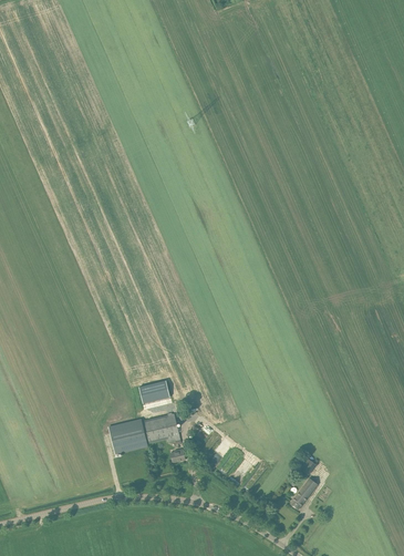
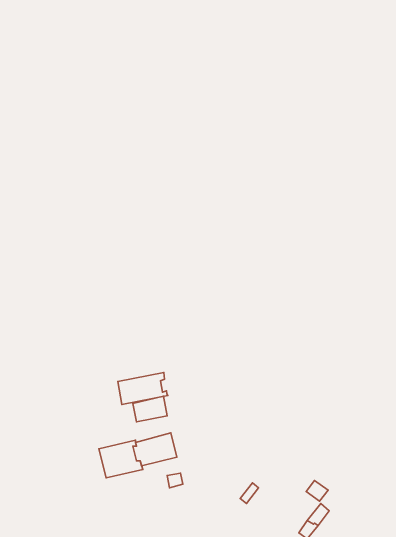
building: none -> [118,372,168,405]

